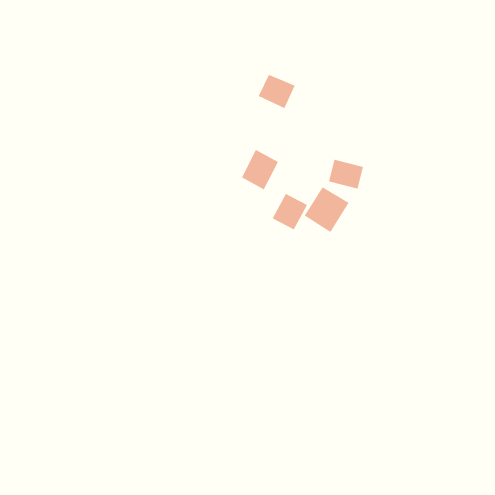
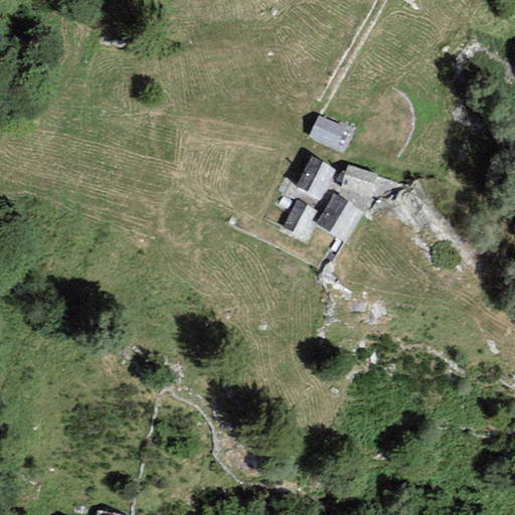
building: [258,74,296,109] -> [308,114,347,150]
building: [241,149,279,190] -> [297,156,336,198]

